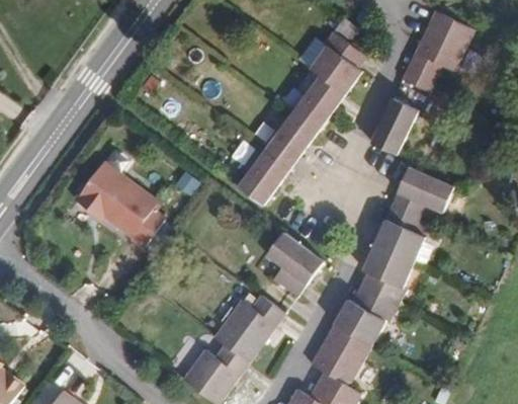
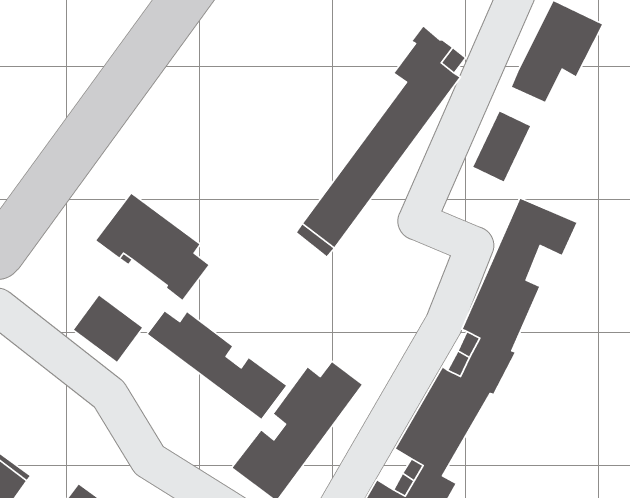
building: [267,232,323,296] -> none
building: none -> [73,295,143,363]
building: none -> [147,310,287,420]

